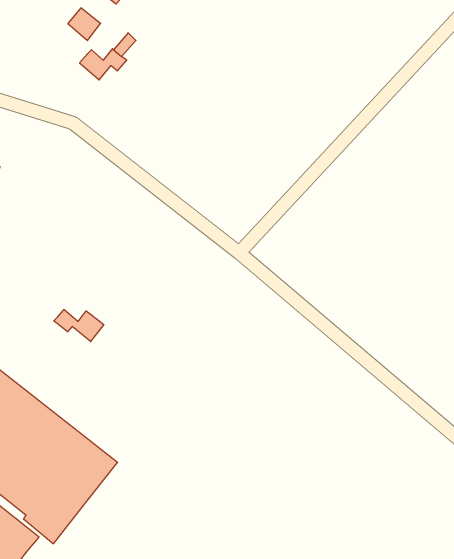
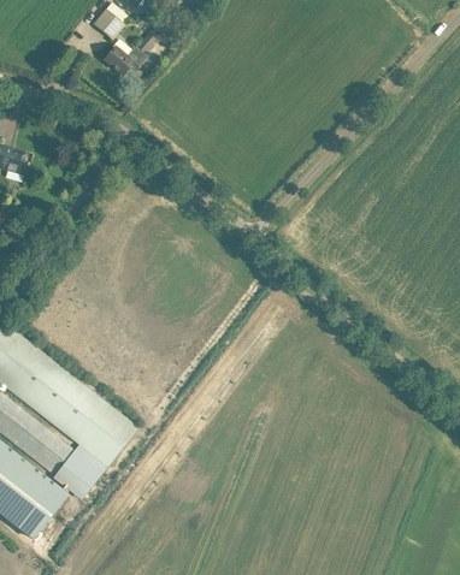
building: [54,309,104,342] -> none

